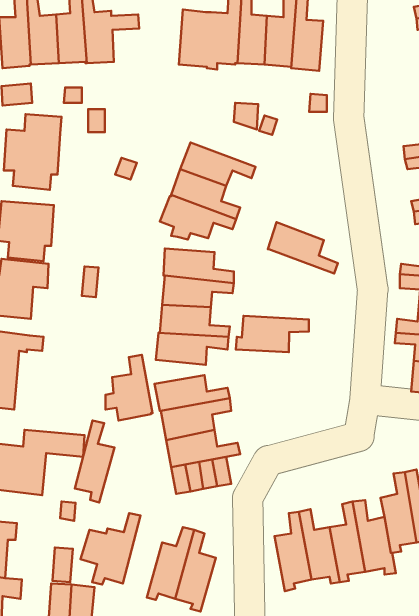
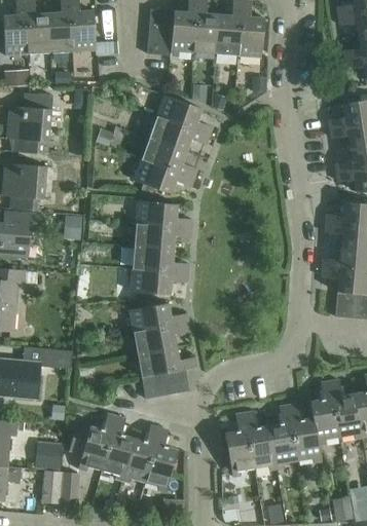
building: [268,222,338,273] -> [155,93,212,135]
building: [236,316,309,352] -> none
building: [105,355,153,421] -> none
building: [75,421,114,502] -> [102,415,134,481]

